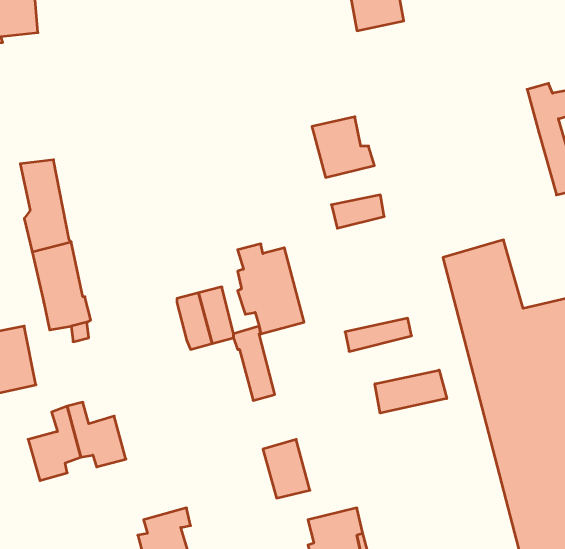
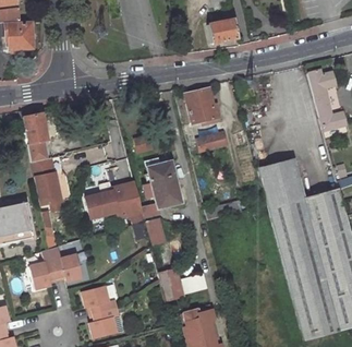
building: none -> [85,193,116,220]
building: [375,370,447,413] -> none
building: none -> [81,286,116,314]

